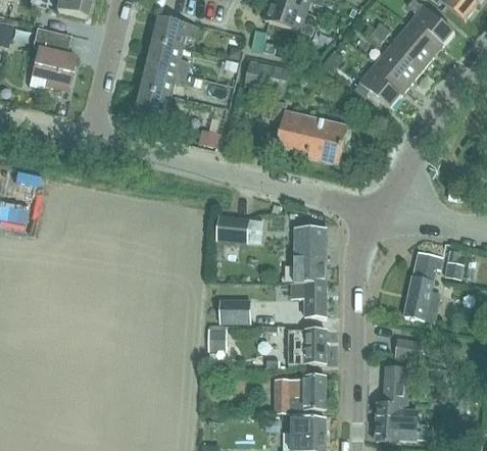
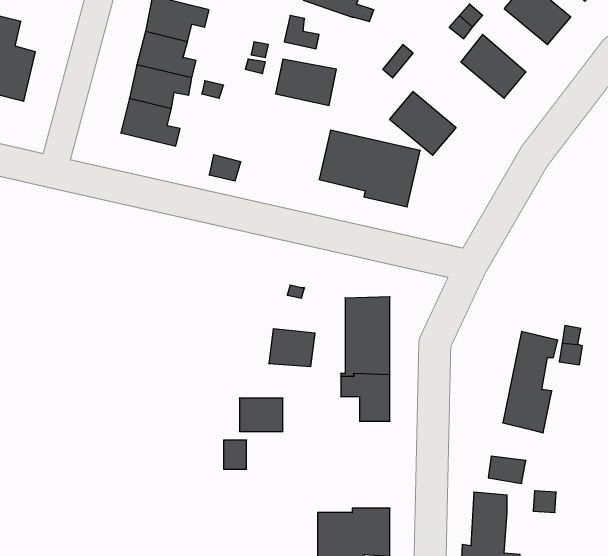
building: [391,24,437,69] -> none
building: [359,62,406,107] -> [390,92,456,155]
building: [216,215,249,242] -> [269,329,315,366]
building: [287,331,327,364] -> none

